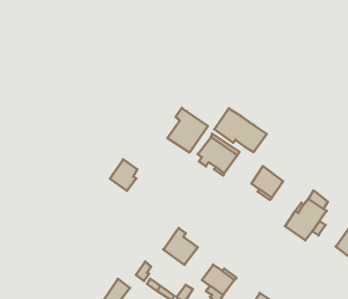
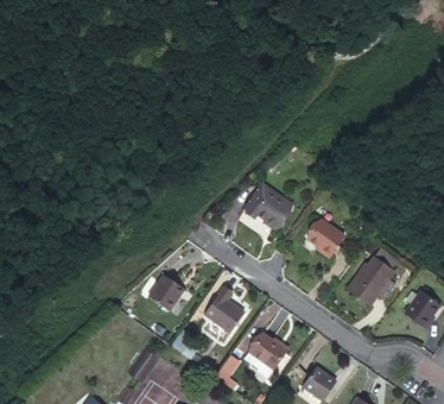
building: [168,108,208,152] -> none
building: [214,108,267,152] -> none
building: [110,159,137,191] -> [147,273,179,310]

